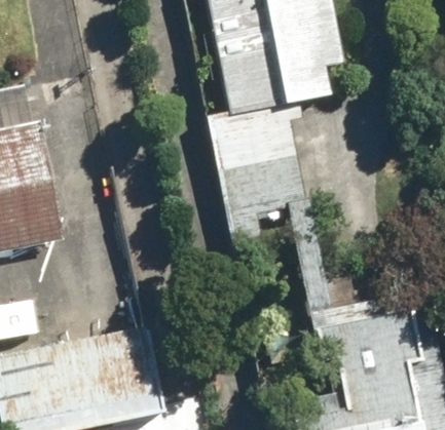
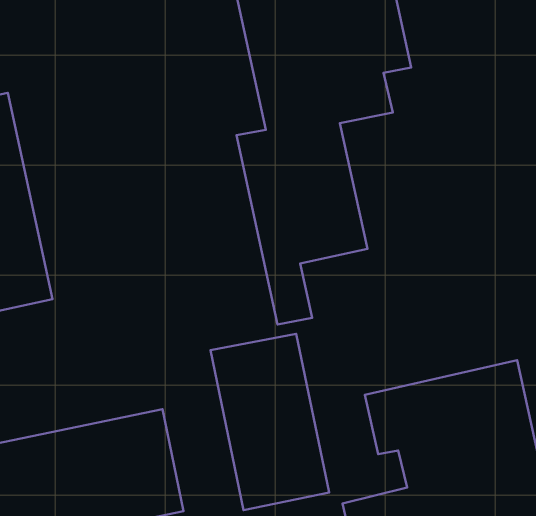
building: none -> [210,334,329,510]

